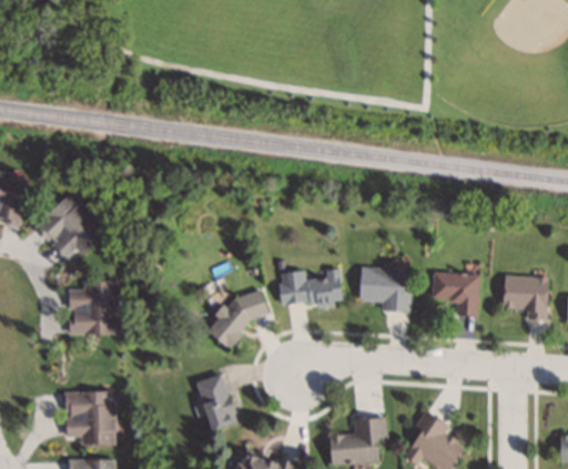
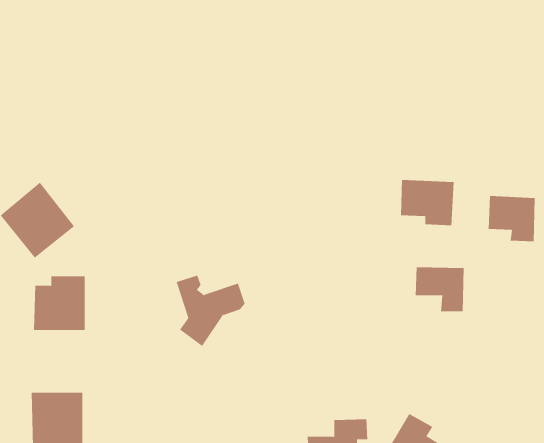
building: [358,267,410,312] -> [400,179,455,226]
building: [278,268,344,307] -> none
building: [503,276,548,320] -> [488,195,535,242]
building: [195,375,236,430] -> none

